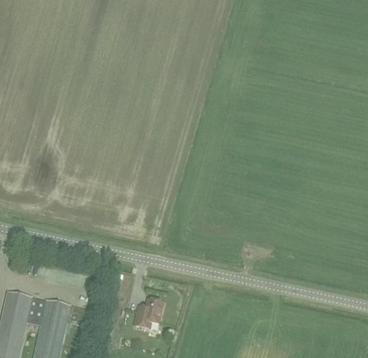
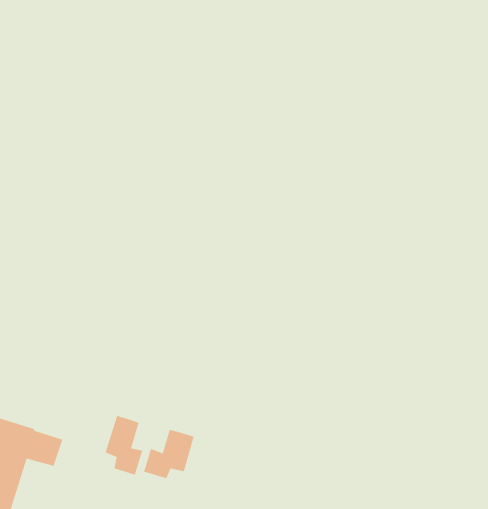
building: none -> [105,415,143,475]

